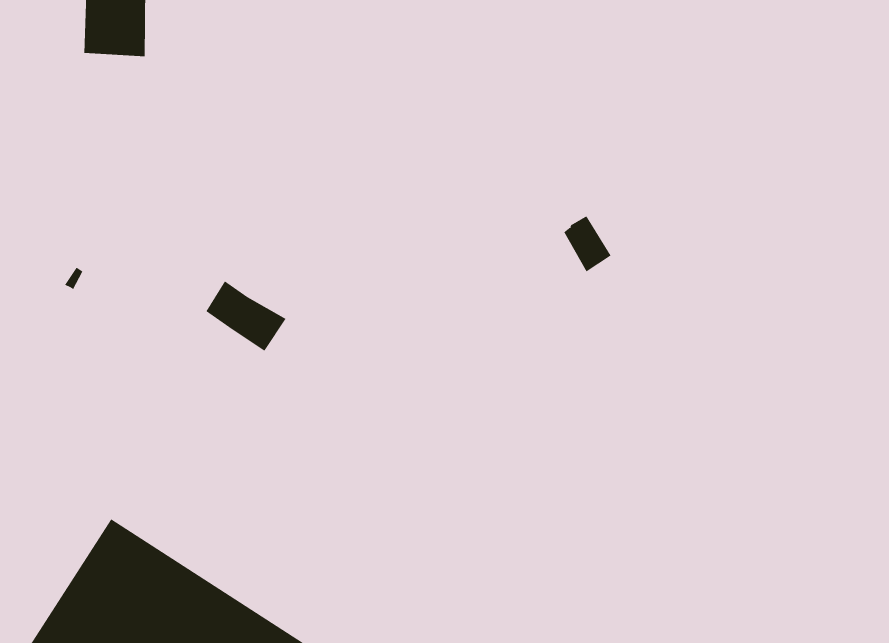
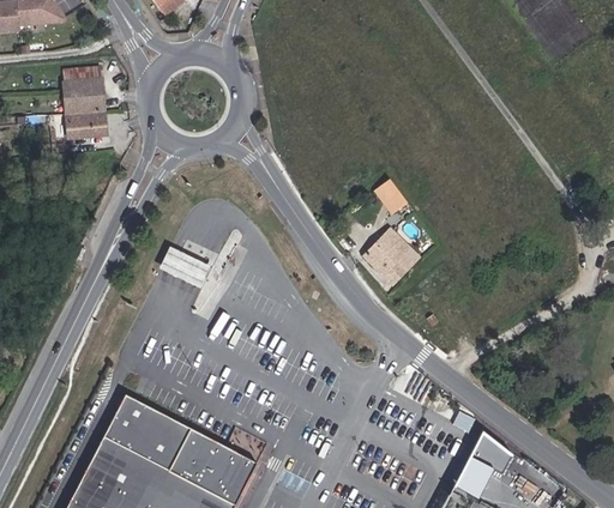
building: none -> [68,113,109,139]
building: none -> [365,229,410,284]

